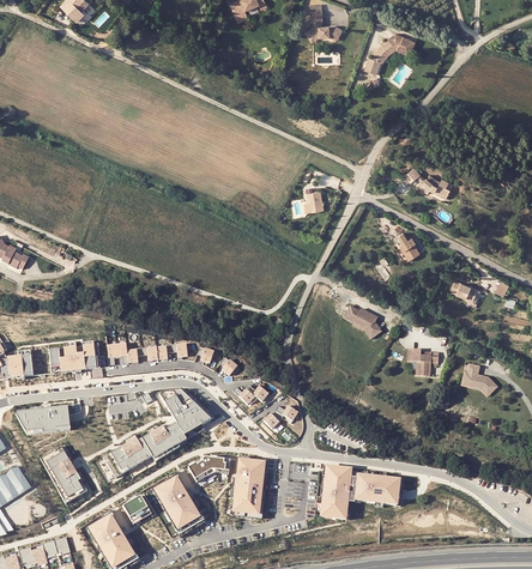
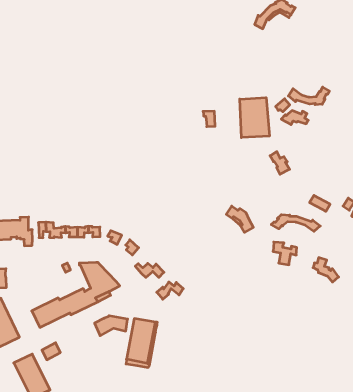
building: none -> [288,87,329,105]
building: none -> [240,98,269,138]
building: none -> [271,215,320,231]
building: [320,466,398,517] -> none
building: [153,474,201,532] -> none

